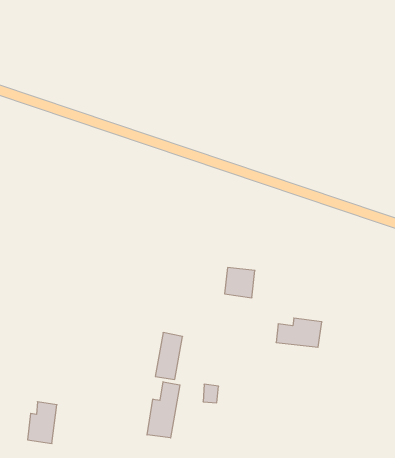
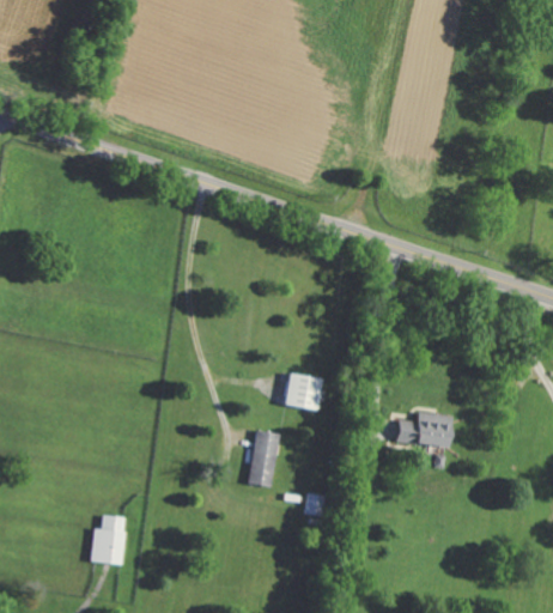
building: [225,268,255,298] -> [285,372,322,409]
building: [147,382,180,438] -> none

